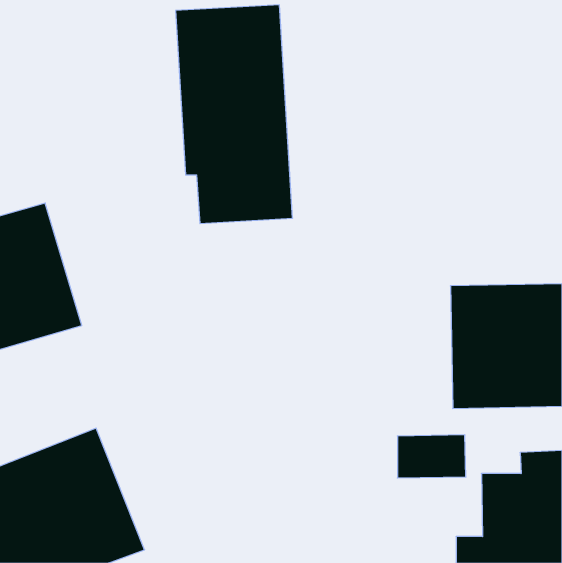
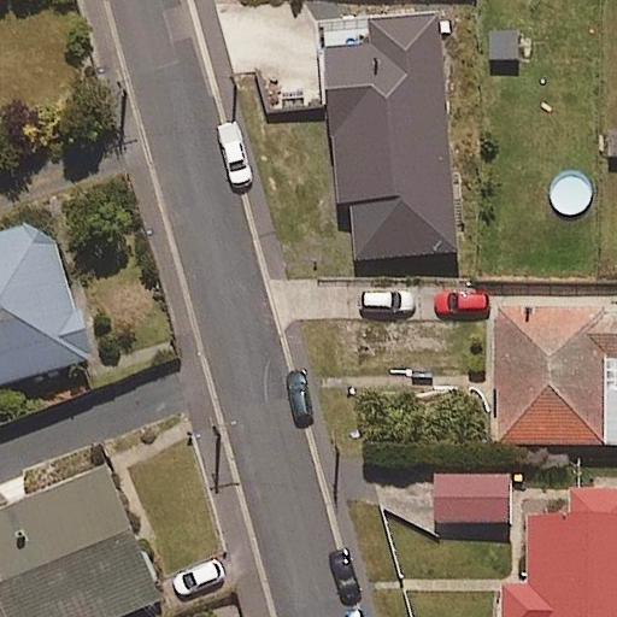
building: [176,5,293,224] -> [328,19,456,258]

